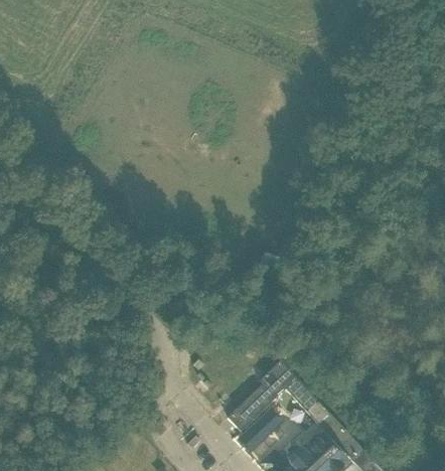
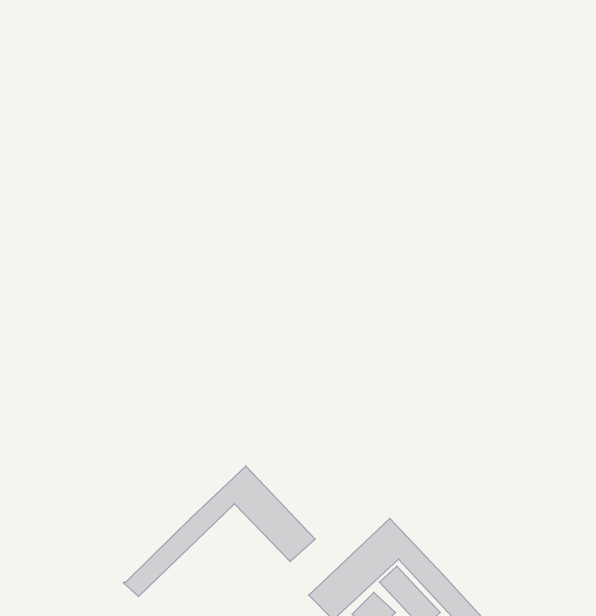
building: none -> [124,466,315,597]

